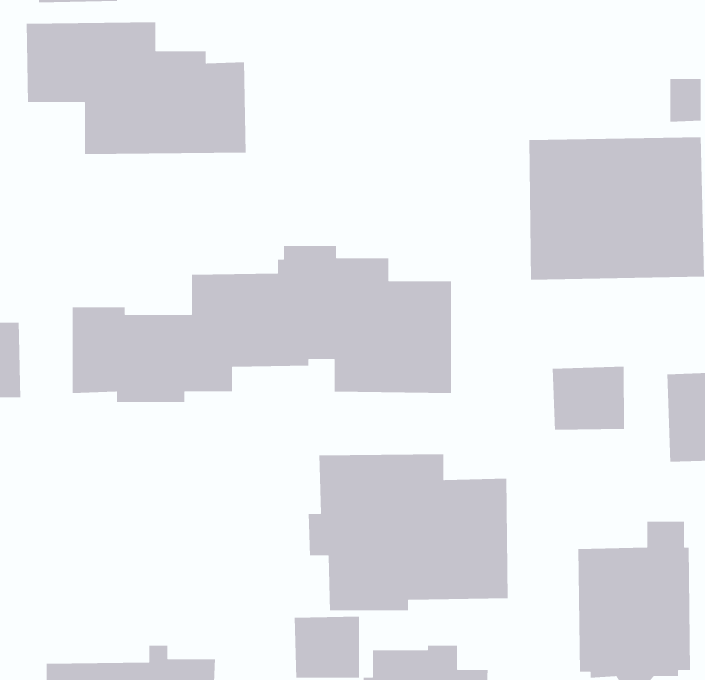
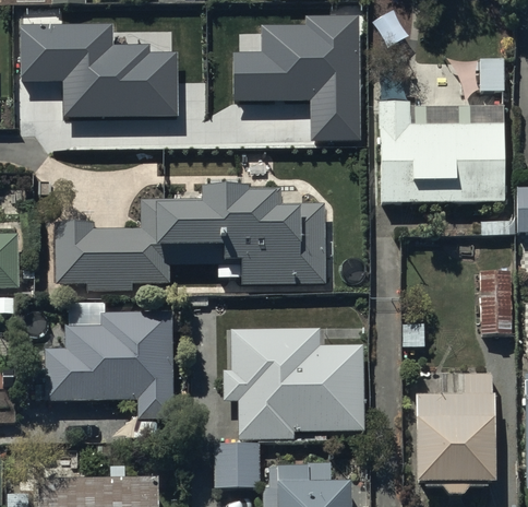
building: none -> [235,12,361,135]
building: [552,366,625,430] -> none
building: none -> [45,303,173,421]

